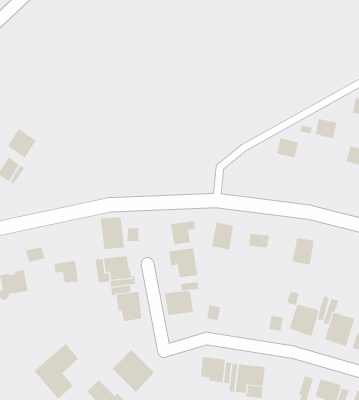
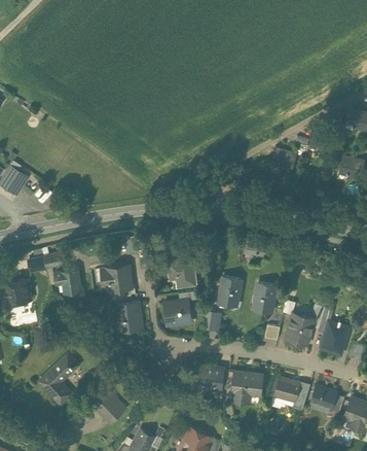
building: [7,128,37,158] -> none
building: [100,216,125,250] -> none
building: [170,220,196,245] -> none
building: [211,222,234,253] -> [217,276,240,306]
building: [291,237,314,268] -> [252,282,274,312]
building: [112,350,155,393] -> none
building: none -> [273,376,299,401]

